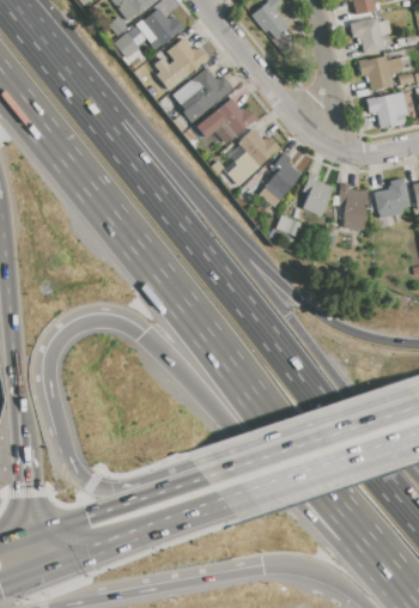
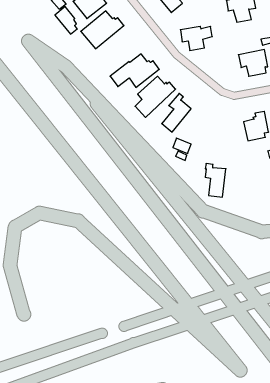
building: [358,56,402,90] -> [180,26,212,50]
building: [171,67,233,121] -> none
building: [303,171,333,214] -> none
building: [339,183,368,230] -> [205,164,226,197]

